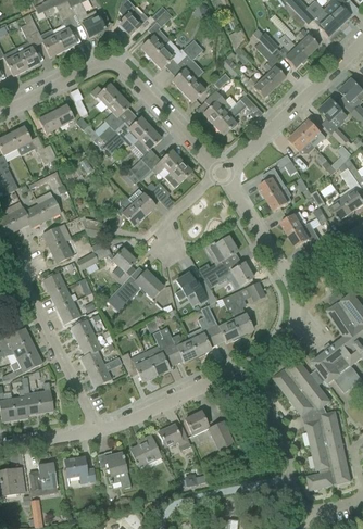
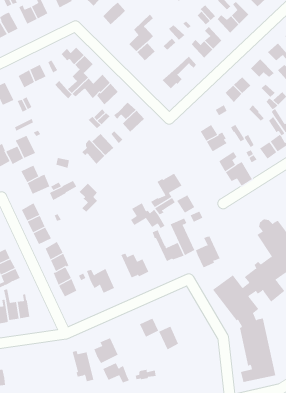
building: [150,39,198,68] -> none
building: [202,90,231,124] -> none
building: [107,269,162,305] -> none
building: [187,315,217,355] -> [195,235,220,268]
building: [145,329,175,375] -> none
building: [158,424,190,449] -> [103,362,130,383]
building: [64,456,95,482] -> none
building: [28,462,55,494] -> none

